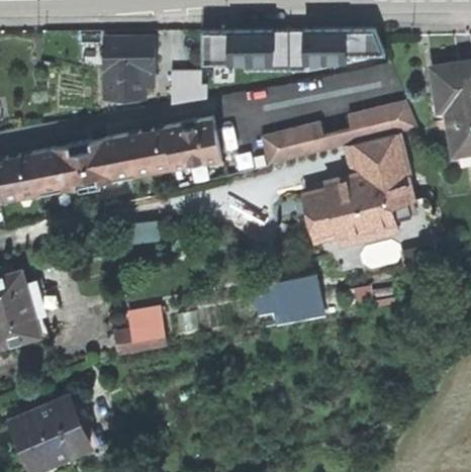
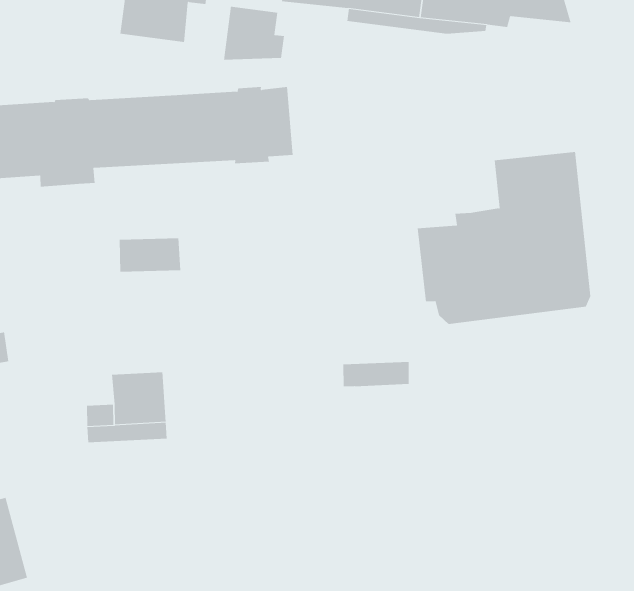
building: [262,99,418,165] -> none
building: [277,292,337,323] -> none

